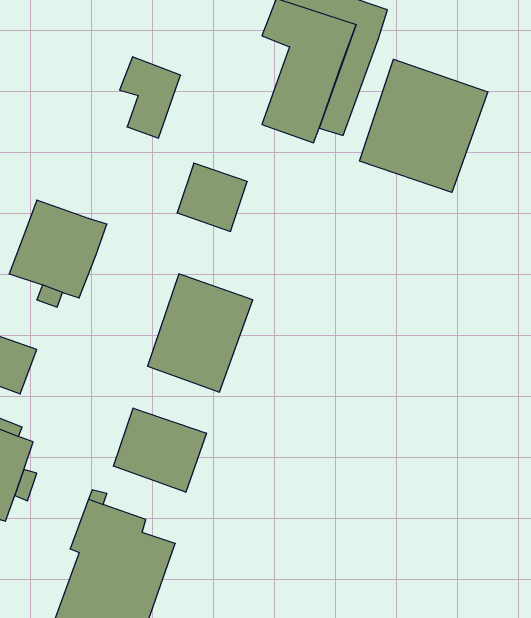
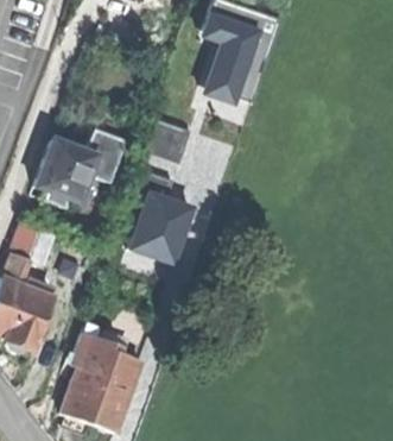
building: [120,57,181,138] -> [85,131,125,183]
building: [359,59,488,192] -> none
building: [113,408,206,492] -> none

